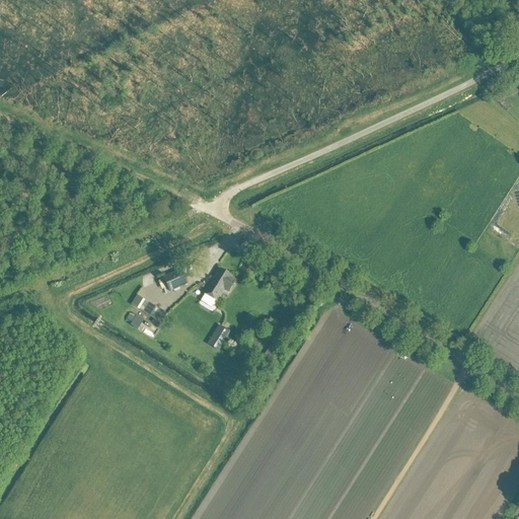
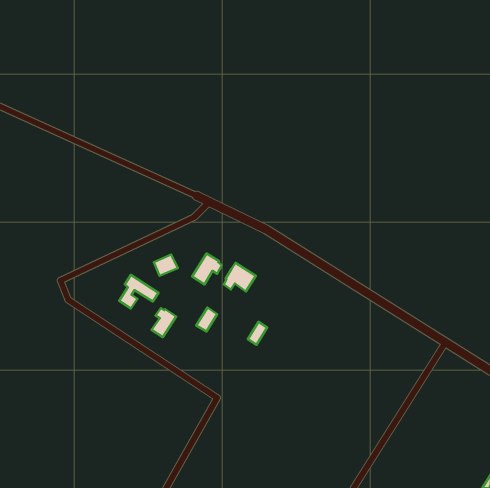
building: none -> [224,263,256,292]
building: none -> [152,308,176,337]

